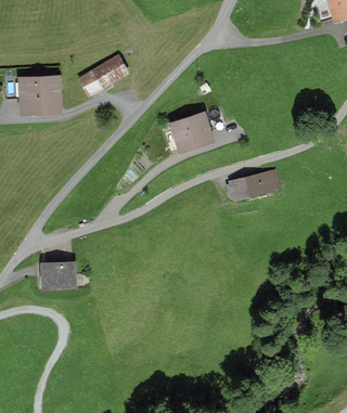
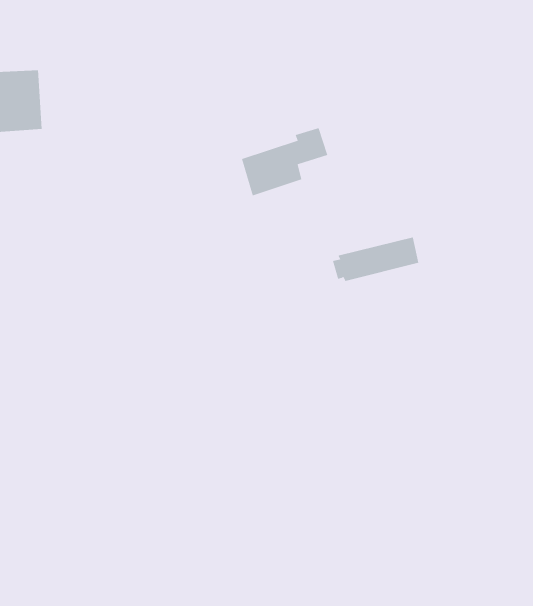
building: [81,56,126,91] -> none
building: [44,262,74,283] -> none

